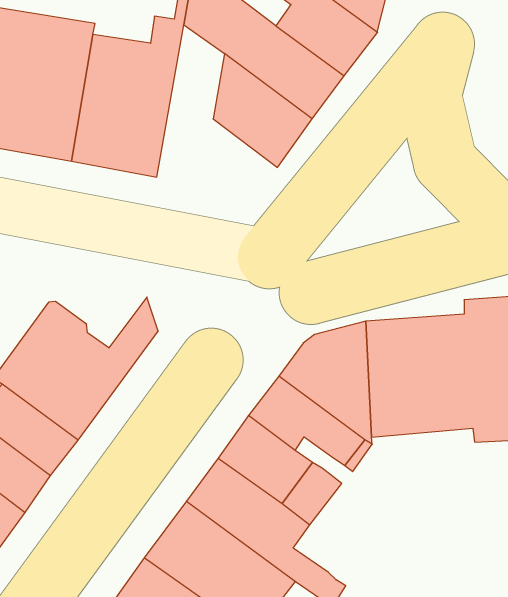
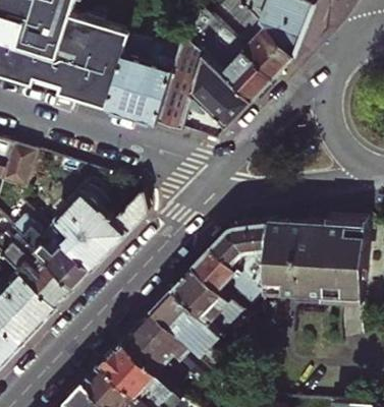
building: none -> [154,40,202,132]

